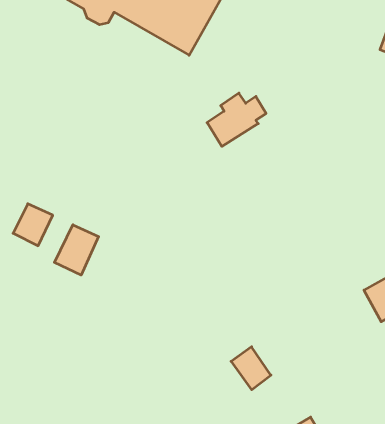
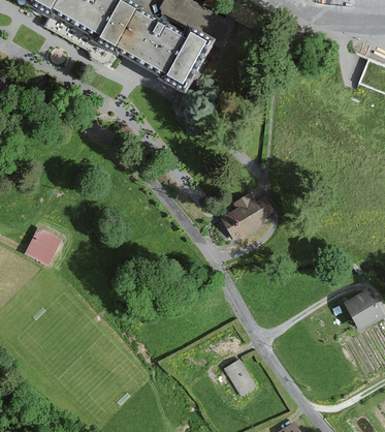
building: [207,93,266,146] -> [220,193,274,242]
building: [54,225,99,275] -> none

